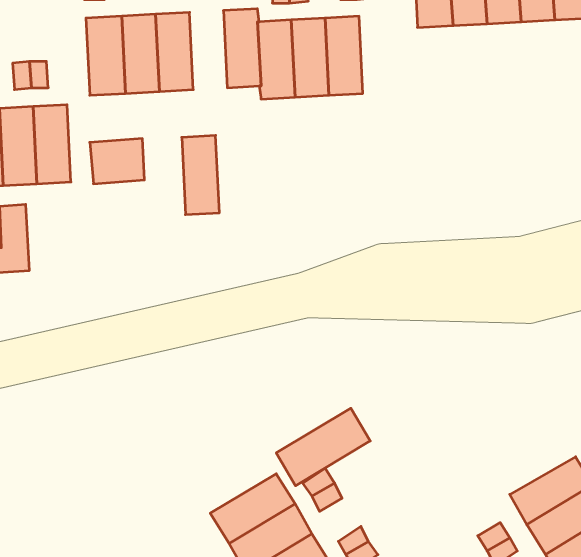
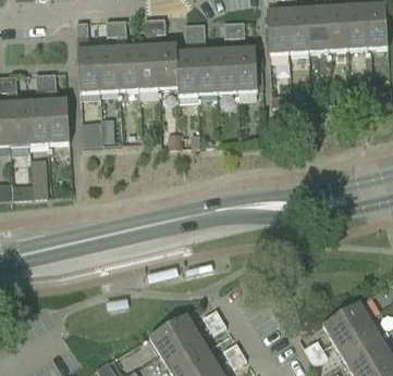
building: none -> [235,46,258,91]
building: [182,135,219,215] -> [137,43,159,89]
building: [276,408,370,486] -> none

